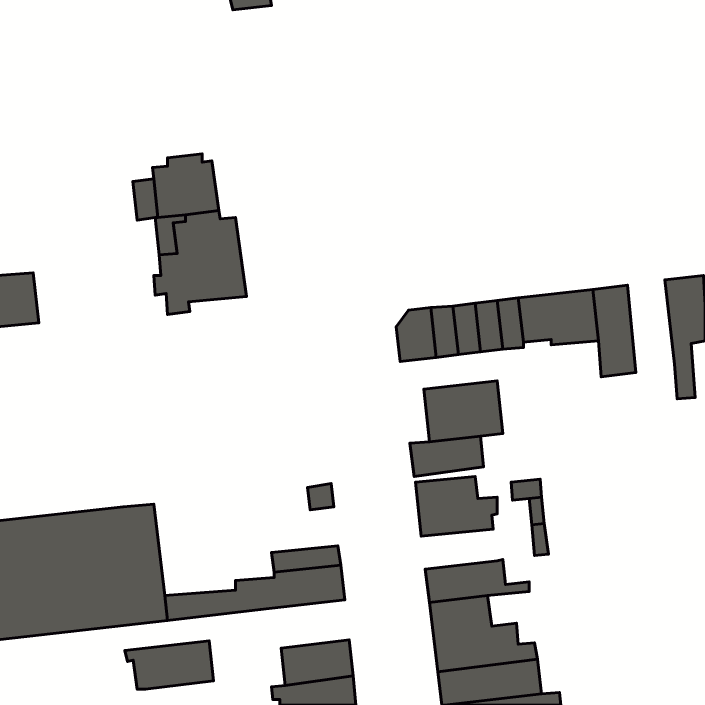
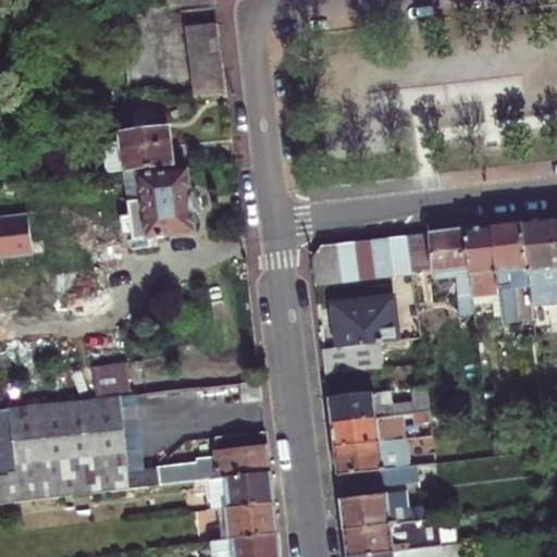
building: none -> [185,21,224,97]
building: none -> [493,220,530,323]
building: none -> [94,362,129,398]
building: none -> [331,414,395,447]
building: [125,641,213,689] -> [205,471,274,509]

